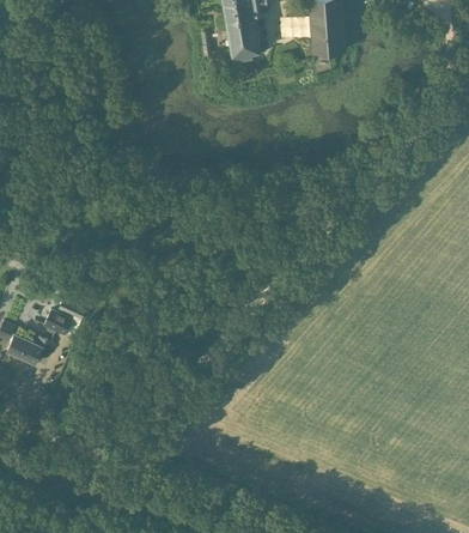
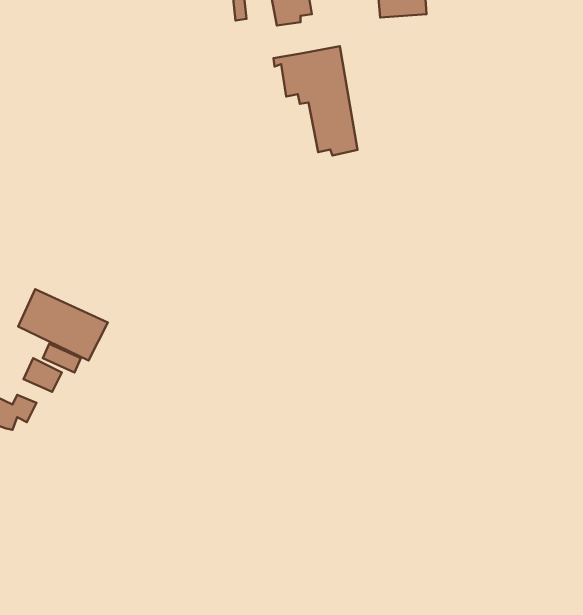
building: none -> [273,46,358,156]
building: none -> [18,289,108,360]

